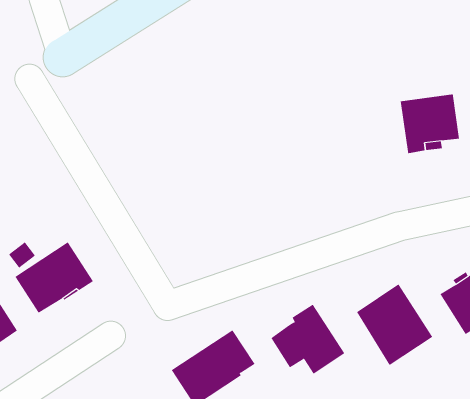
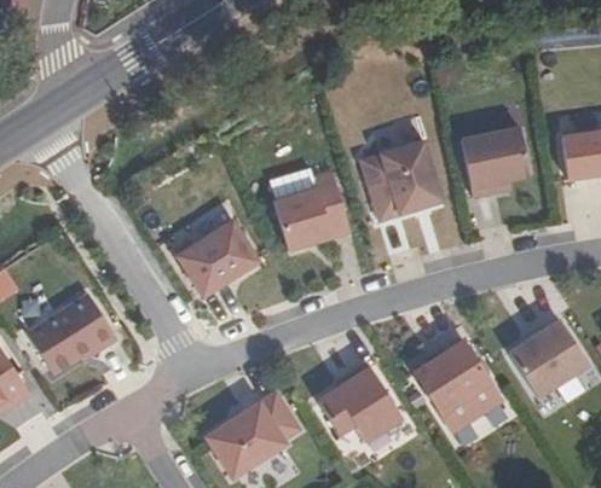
building: none -> [363,134,443,216]
building: none -> [275,164,349,245]
building: none -> [178,213,265,296]

